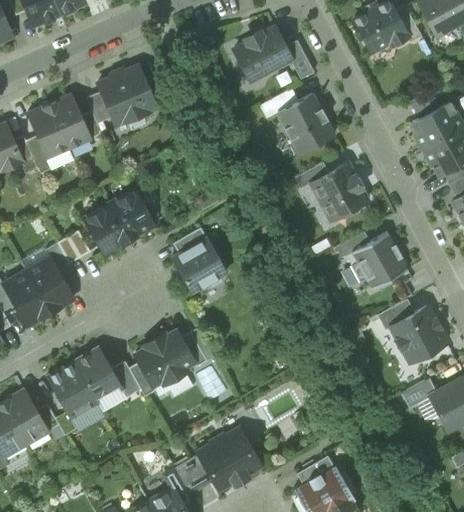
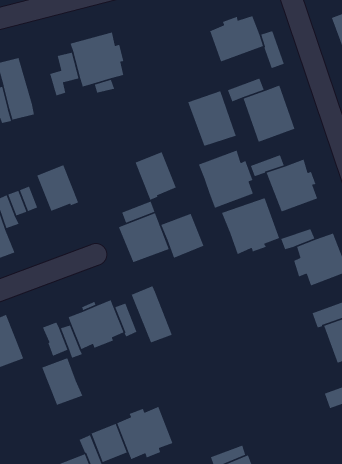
building: [49,94,91,148] -> none
building: none -> [187,90,237,147]
building: none -> [198,150,254,209]
building: [109,189,155,240] -> [134,151,177,201]
building: none -> [221,197,280,255]
building: none -> [160,213,205,259]
building: none -> [131,285,173,344]
building: [74,347,120,397] -> [41,357,83,406]

